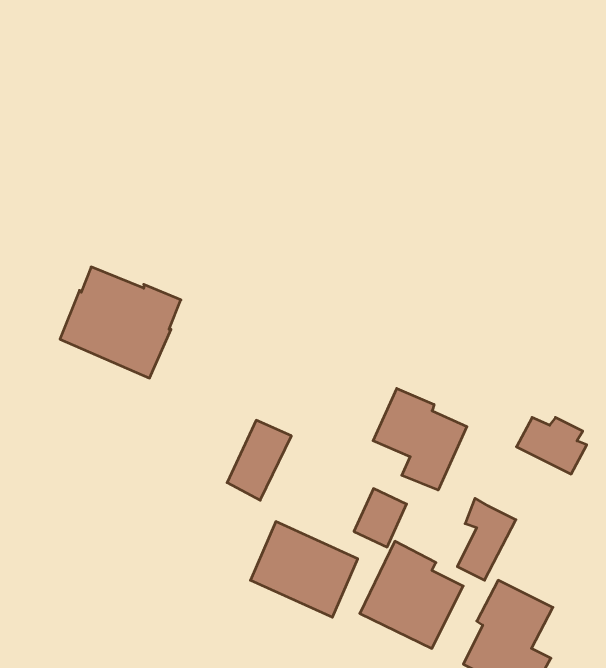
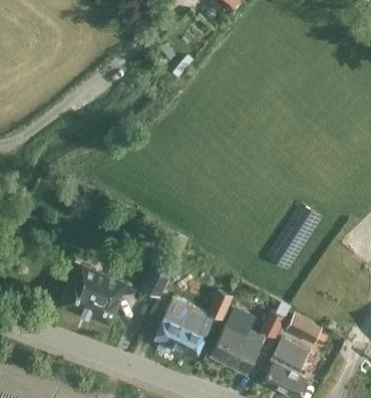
building: [60,267,181,378] -> [64,265,126,323]
building: [373,388,467,490] -> none
building: [516,417,587,474] -> [286,314,322,343]

